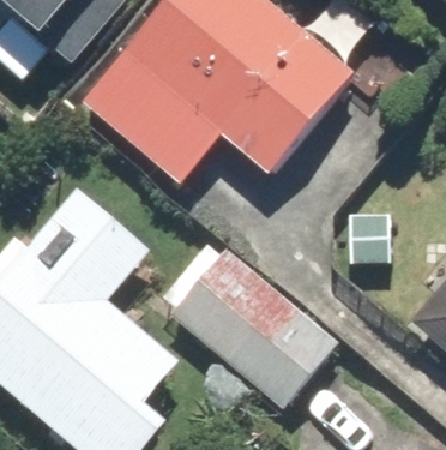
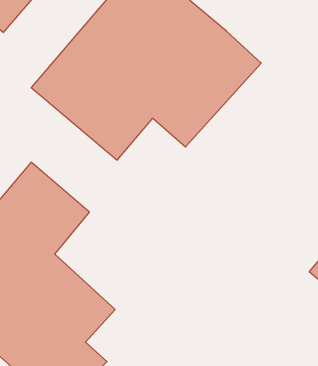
building: [169,250,332,407] -> none

